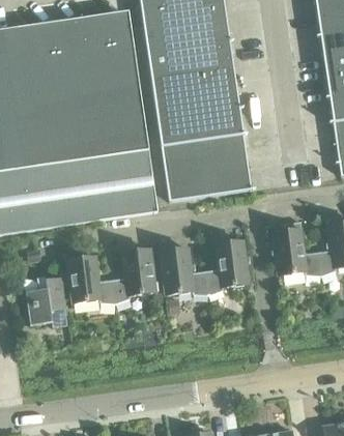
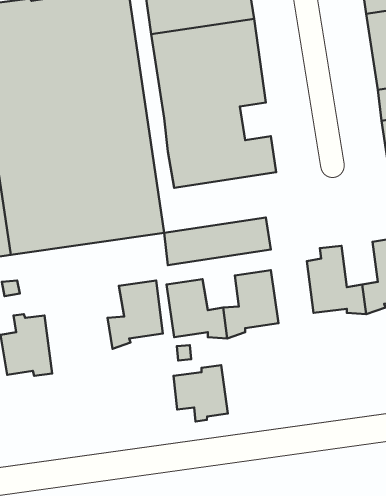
building: [219,106,243,136] -> none
building: [166,162,252,200] -> [164,217,271,265]
building: [66,256,116,303] -> none
building: none -> [174,365,228,421]

